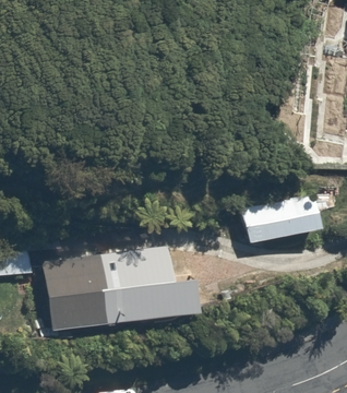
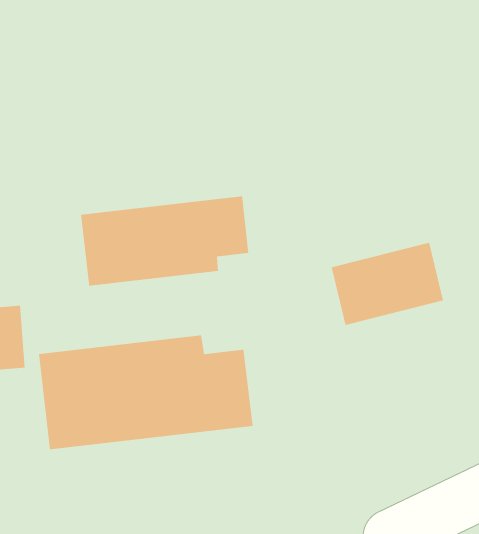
building: none -> [80,195,249,286]

